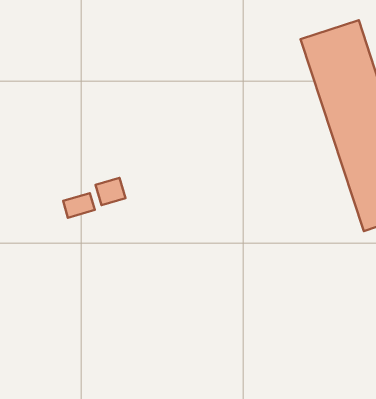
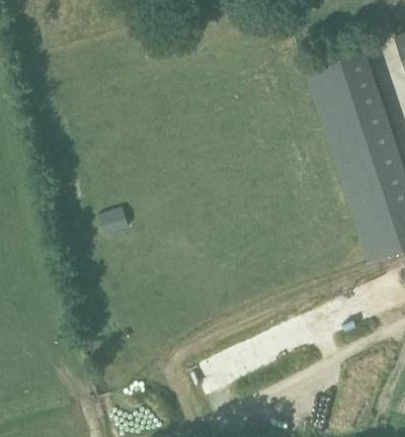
building: [63,193,95,218] -> none

